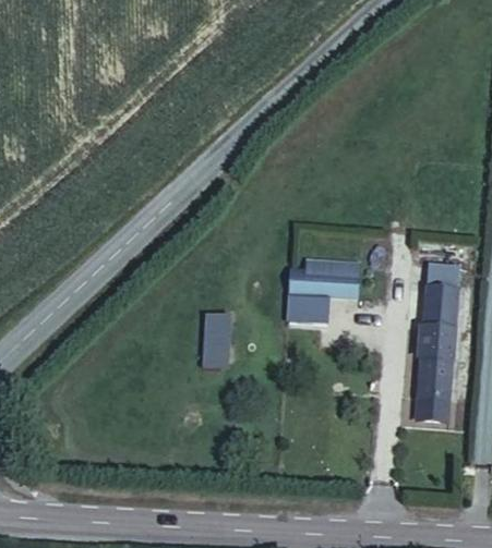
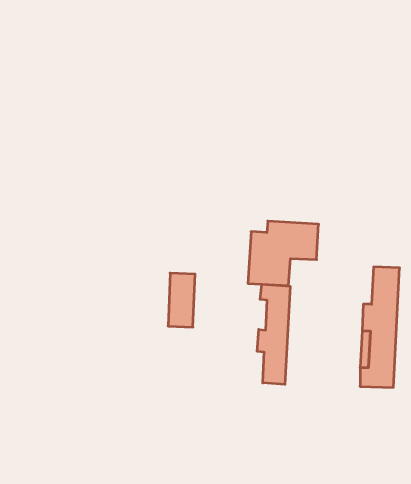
building: [417,282,456,343] -> none
building: none -> [257,284,290,384]

